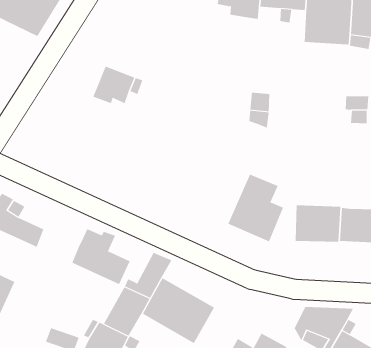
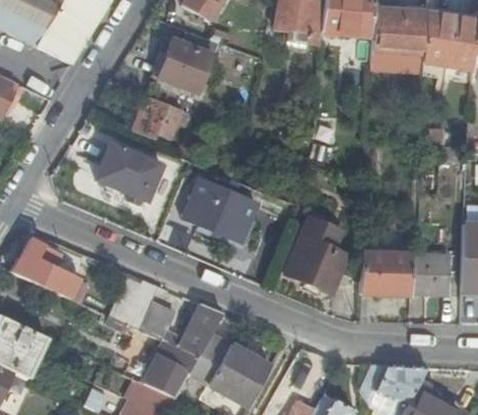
building: none -> [157,29,218,92]
building: none -> [95,142,160,199]
building: none -> [183,179,256,241]

